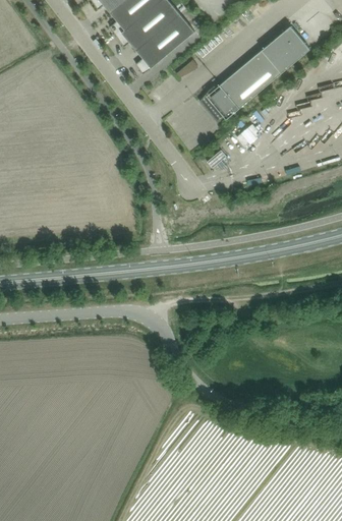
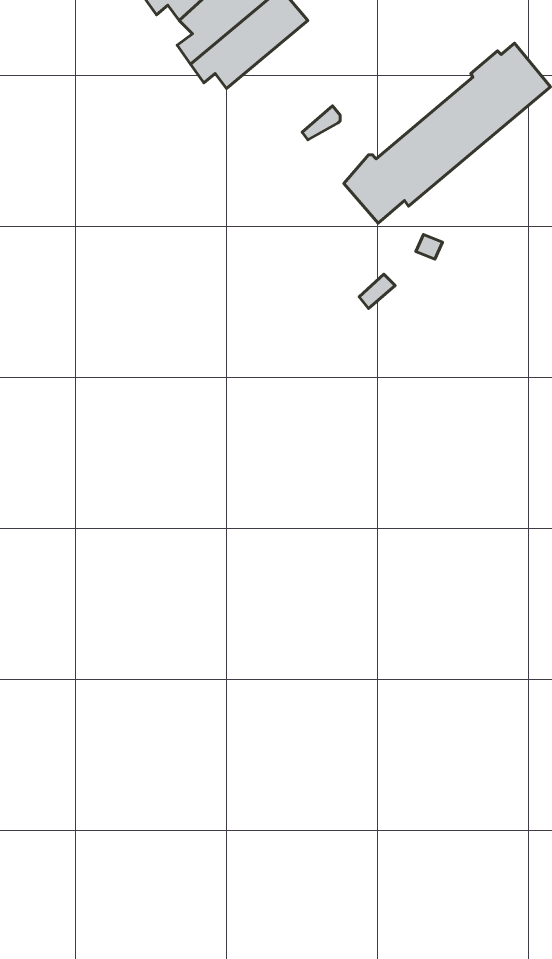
building: [137,12,196,73] -> none

